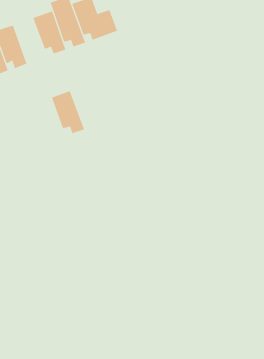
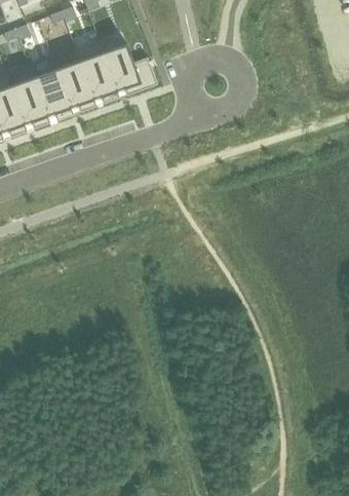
building: [51,91,85,136] -> [32,68,72,122]

